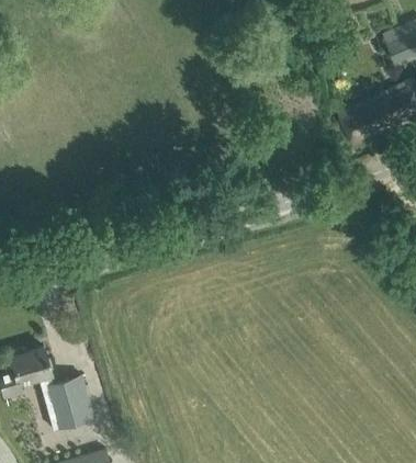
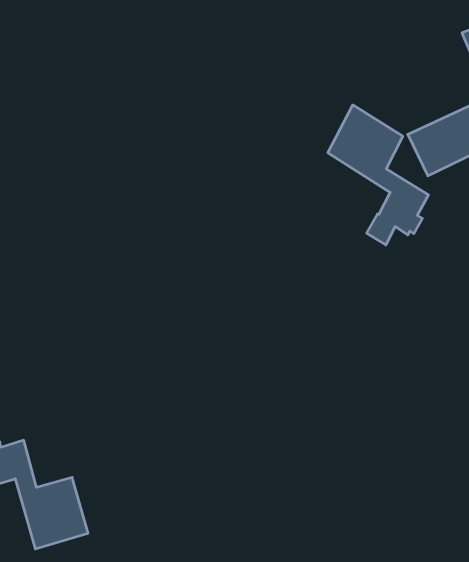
building: none -> [328,105,428,245]

